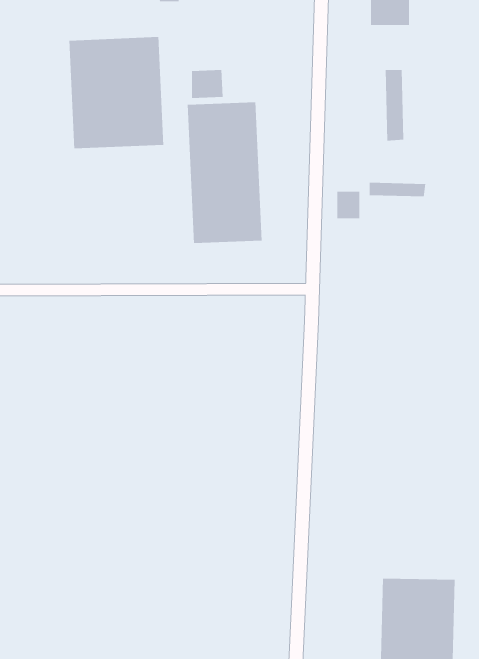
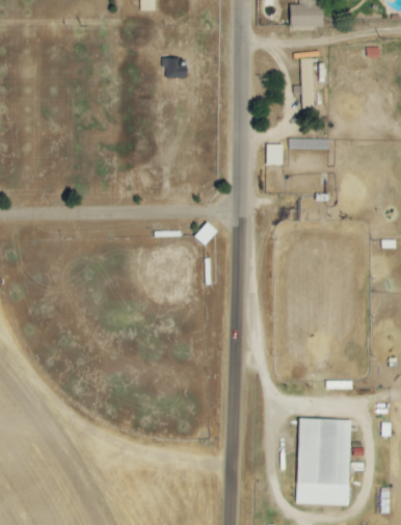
building: [69,36,164,149] -> none
building: [187,102,262,244] -> none

